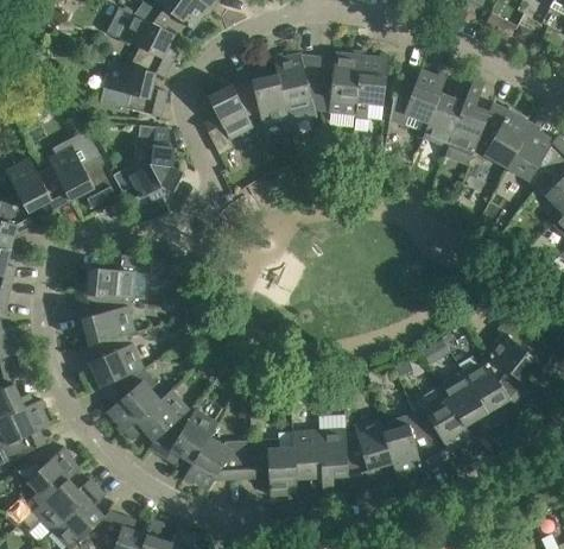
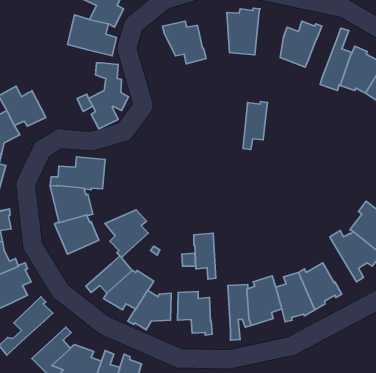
building: [272,52,321,111] -> none
building: [355,52,388,118] -> [243,102,268,149]
building: [203,75,253,153] -> none
building: [422,83,469,146] -> none
building: [47,127,114,206] -> none
building: [100,367,159,433] -> [105,210,148,258]
building: [439,371,494,430] -> none
building: [292,429,322,492] -> [194,233,216,279]
building: [17,478,97,529] -> none

